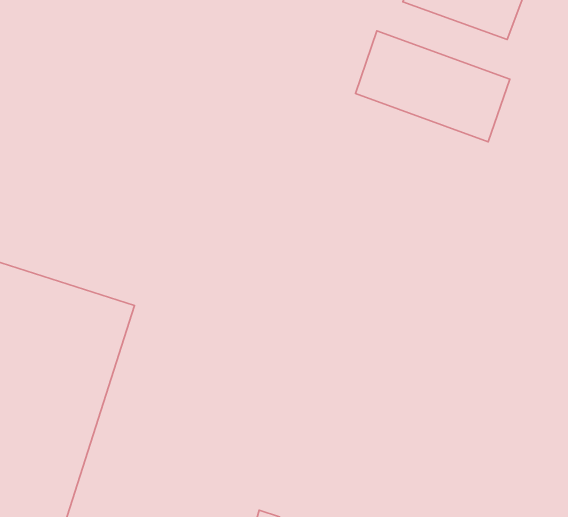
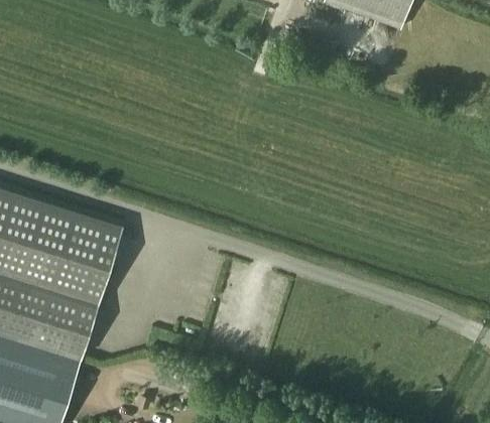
building: [355,31,510,142] -> none

